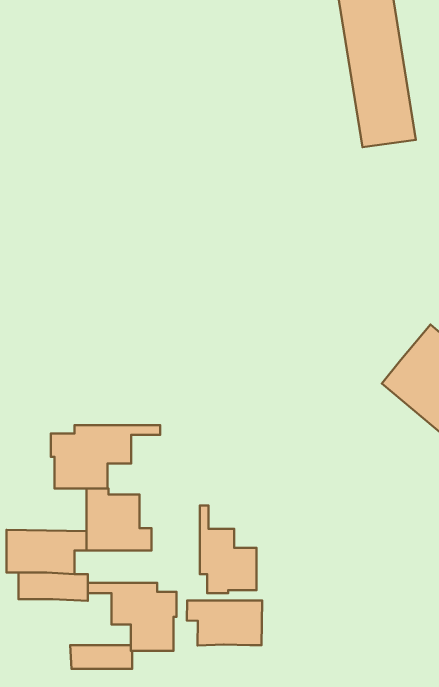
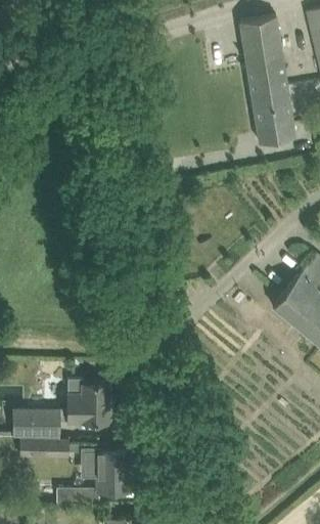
building: [51,425,160,488] -> none
building: [200,505,256,593] -> none
building: [187,601,262,645] -> none

